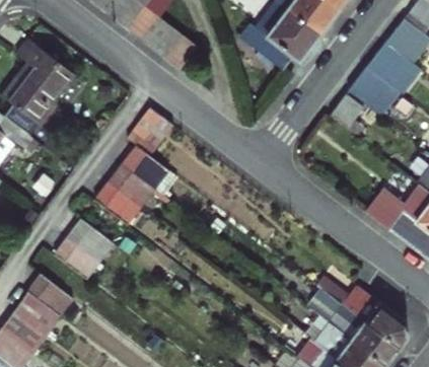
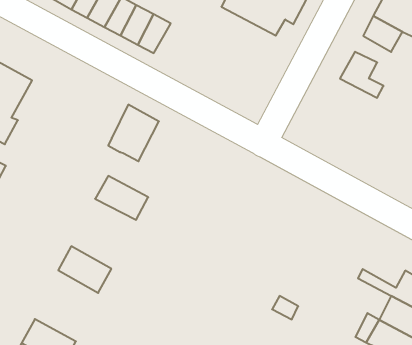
building: [124,146,168,188] -> none
building: [95,181,141,223] -> none
building: [55,236,99,279] -> none

